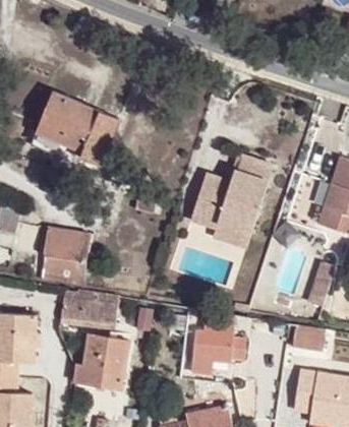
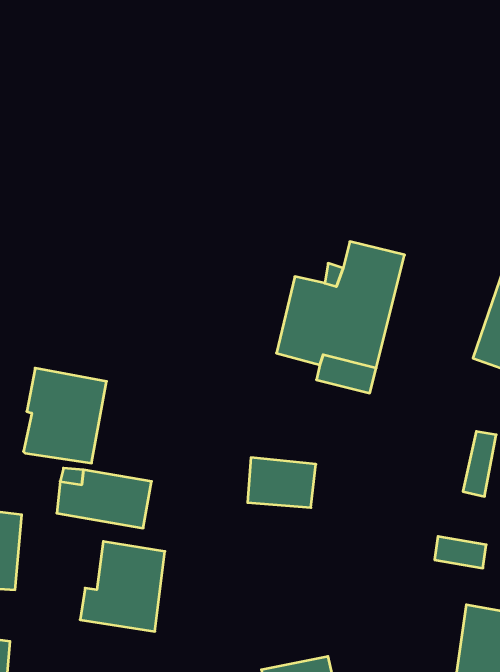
building: [32,90,120,164] -> none
building: [192,329,234,360] -> [248,458,316,508]

